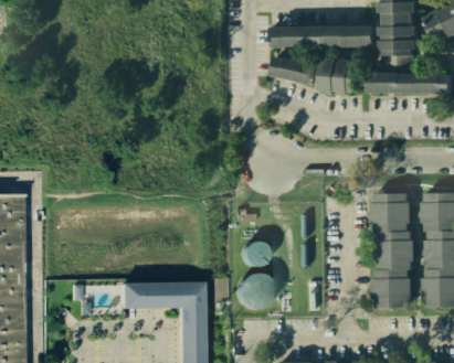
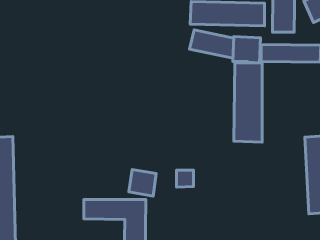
building: [371,197,410,306] -> [234,63,262,142]
building: [241,275,278,311] -> [129,169,156,196]

